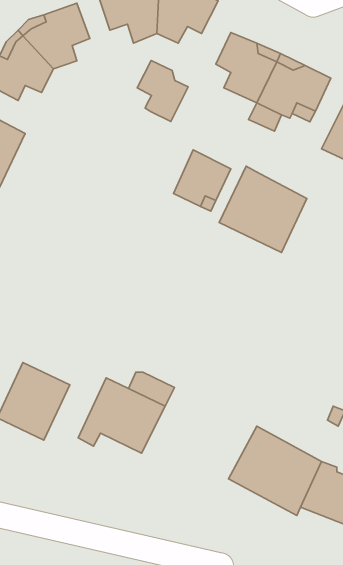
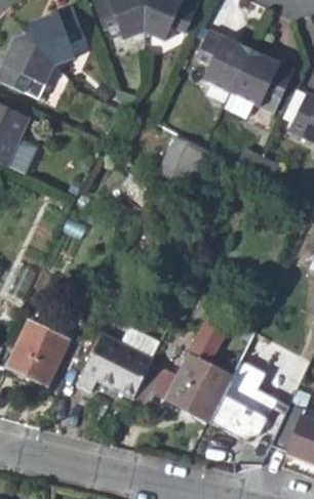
building: [137,60,188,122] -> none
building: [219,166,307,253] -> none
building: none -> [154,316,233,421]

